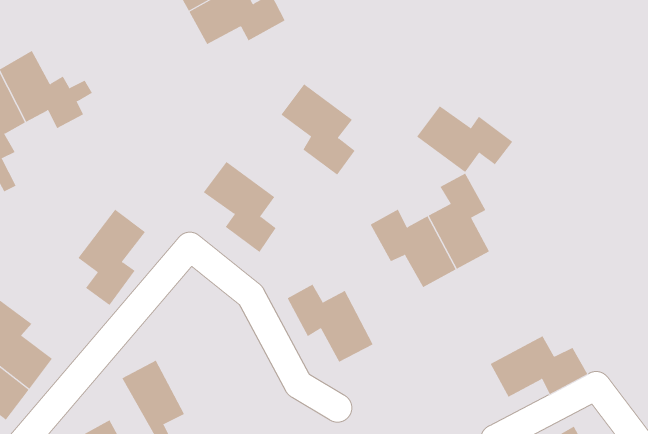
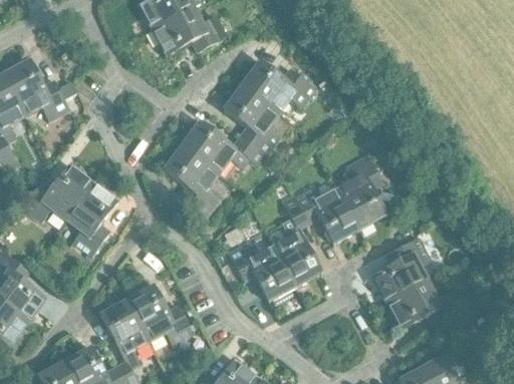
building: [416,106,513,173] -> [241,61,316,113]
building: none -> [181,120,267,173]
building: none -> [23,164,94,222]
building: none -> [273,195,321,288]
building: none -> [371,237,435,303]
building: none -> [126,285,193,346]

